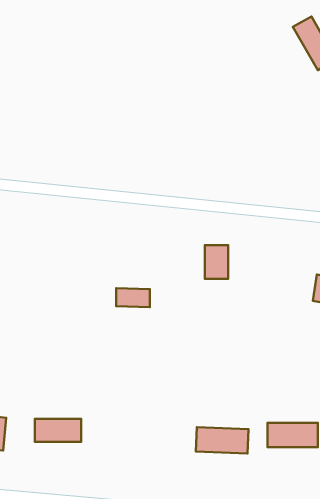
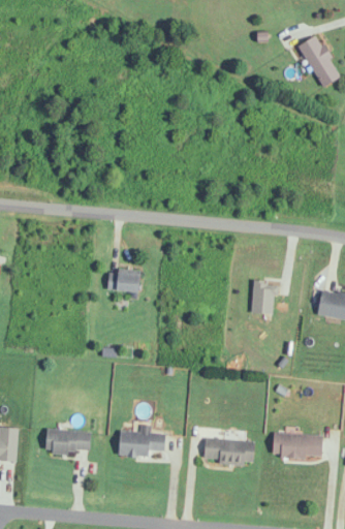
building: [205,245,228,279] -> [252,281,275,314]
building: [116,288,150,307] -> [107,273,140,291]
building: none -> [119,425,166,457]

